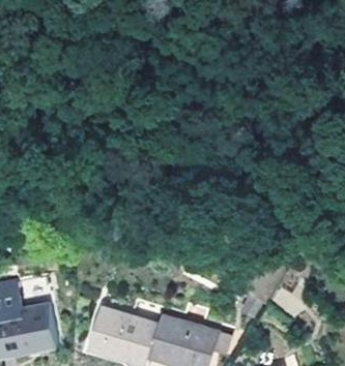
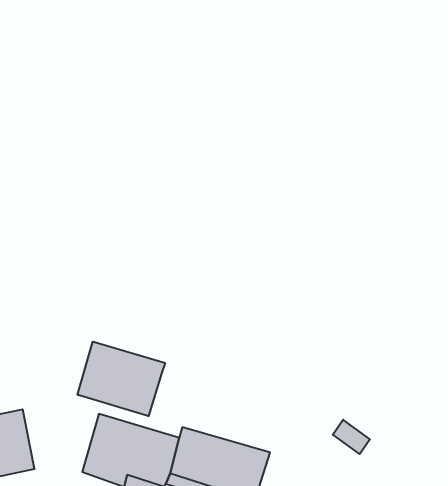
building: none -> [78,342,165,416]

